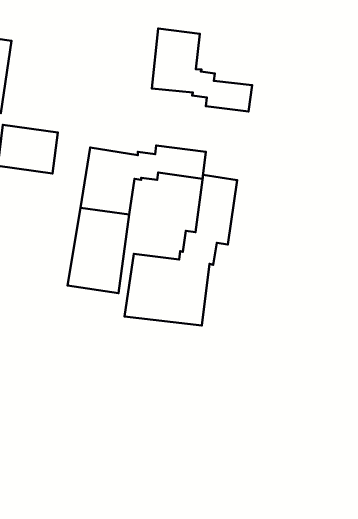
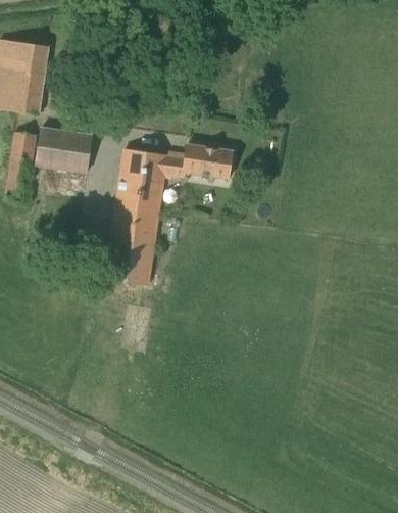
building: [152,29,252,112] -> none
building: [125,175,237,326] -> none

